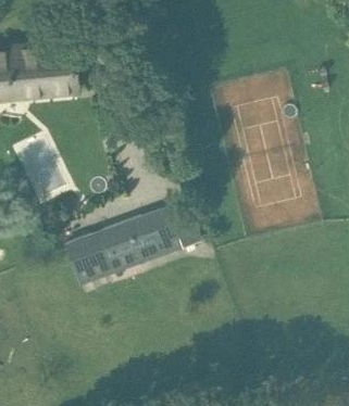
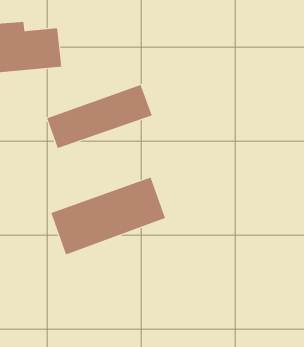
building: none -> [47,84,152,149]

